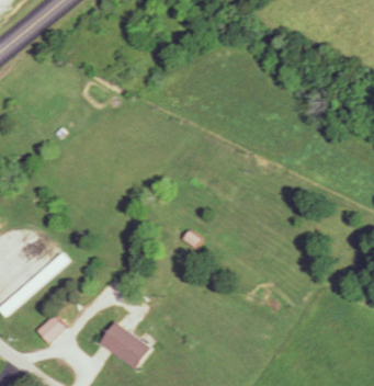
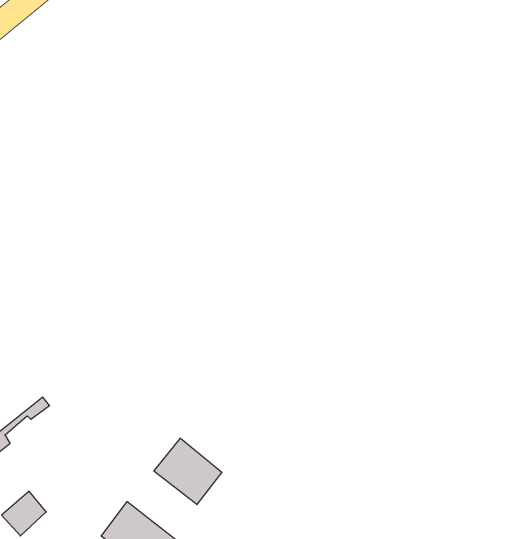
building: none -> [154,438,222,505]

